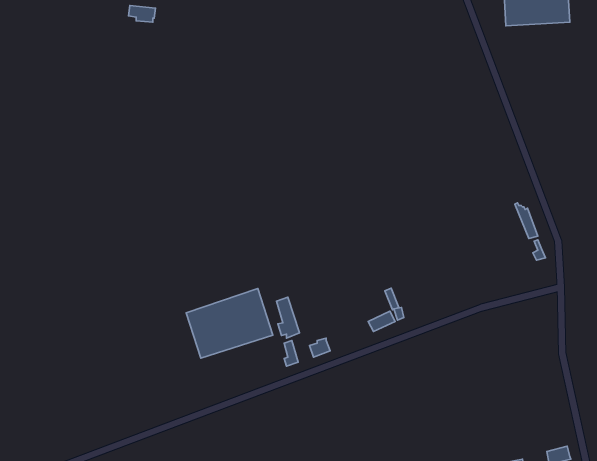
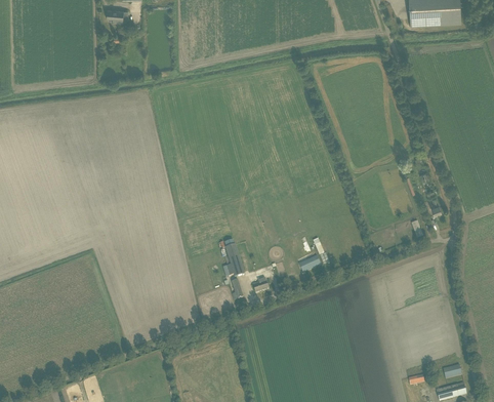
building: [186,289,273,358] -> none

